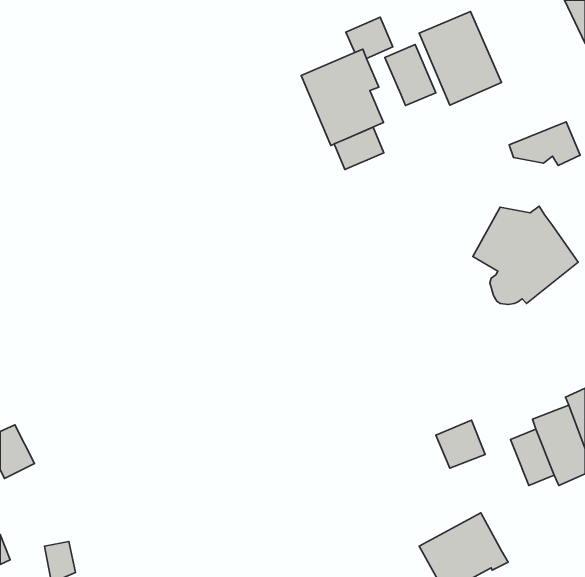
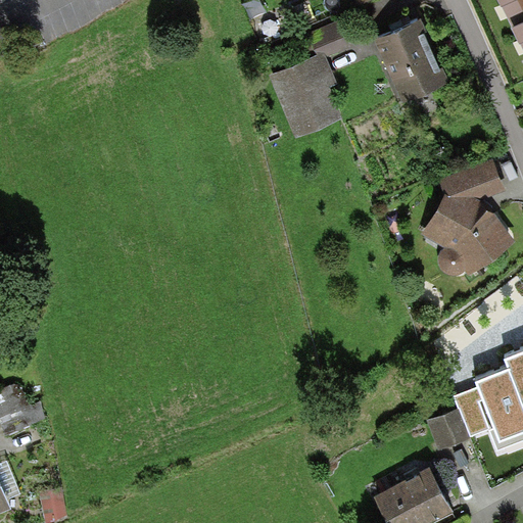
building: [385,45,436,106] -> none
building: [509,122,580,165] -> [442,160,506,199]
building: [334,127,384,169] -> none
building: [436,420,485,468] -> [428,410,472,453]

